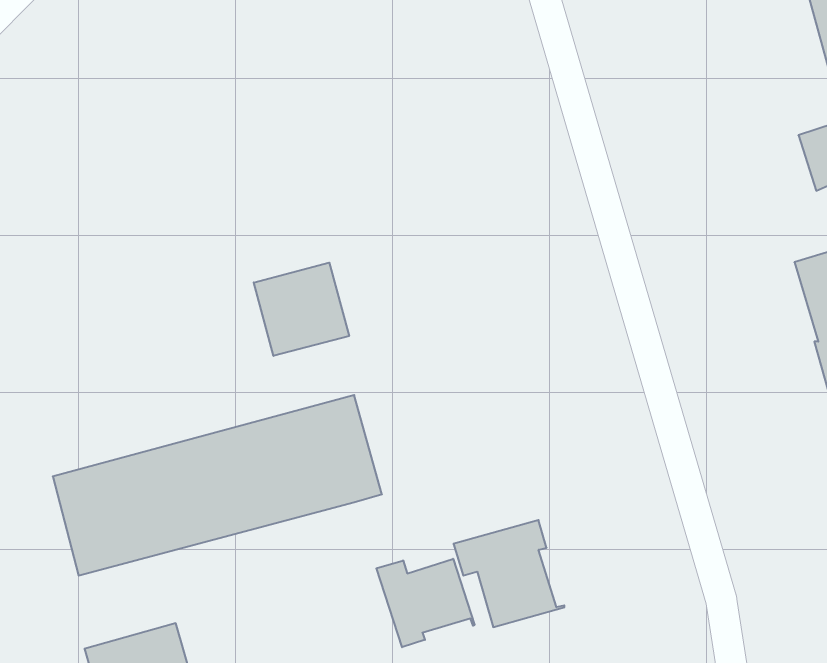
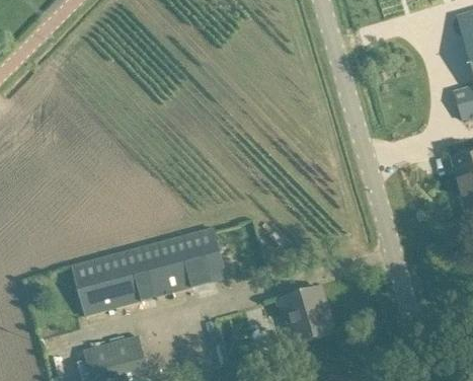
building: [254,263,349,356] -> none
building: [376,559,475,647] -> none

